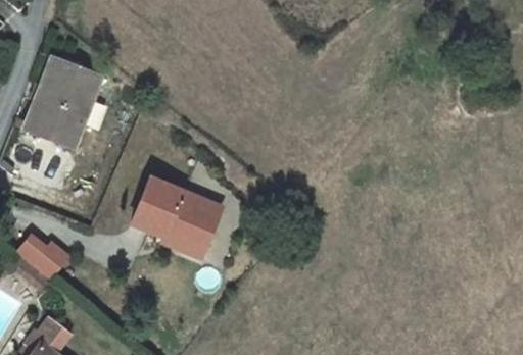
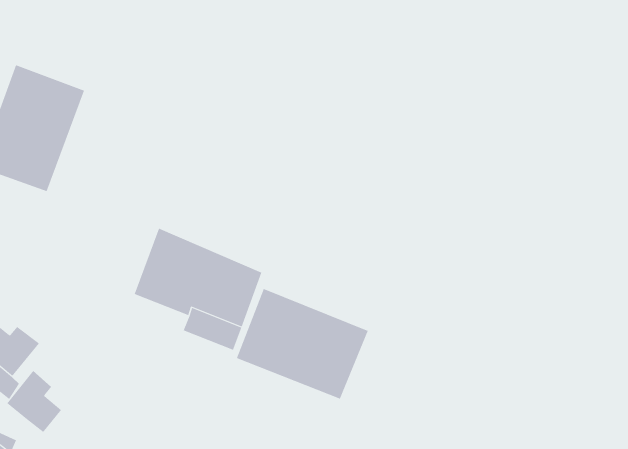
building: none -> [236,288,369,399]
building: none -> [7,370,62,433]

